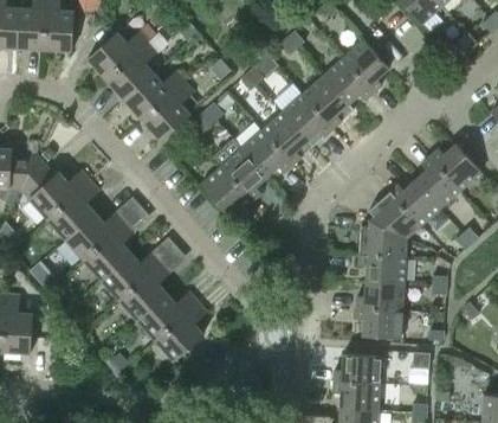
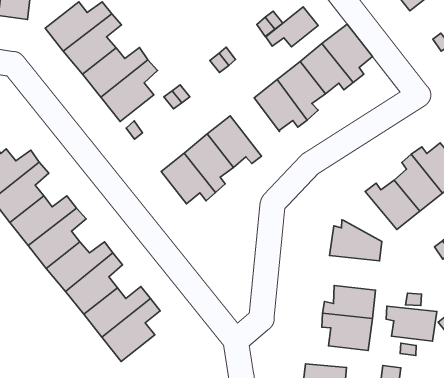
building: none -> [266,7,318,47]
building: [261,111,312,165] -> none
building: [368,192,420,237] -> none
building: [360,252,406,282] -> [386,306,437,341]

